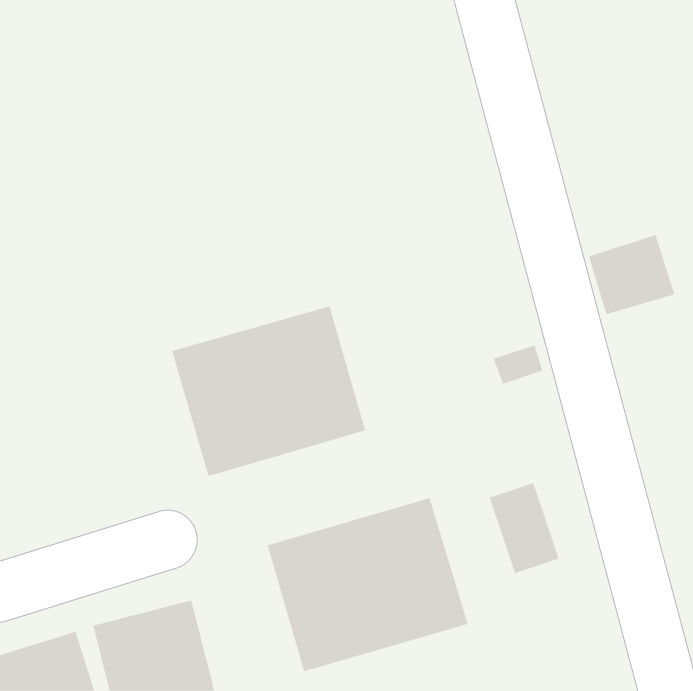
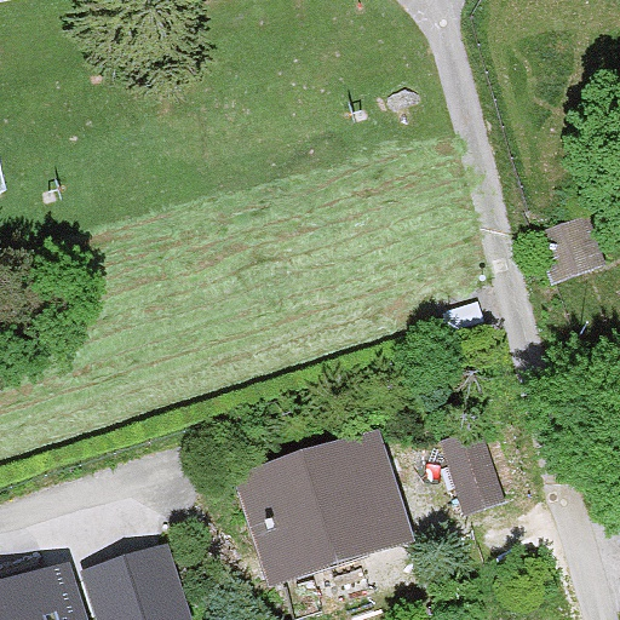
building: [171,306,366,477] -> none

